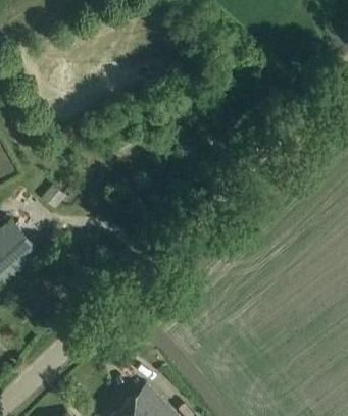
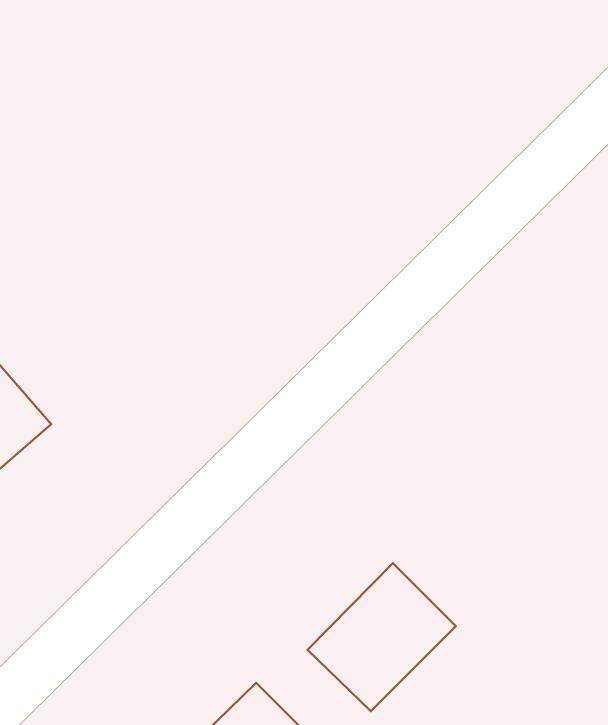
building: none -> [308,563,456,711]

